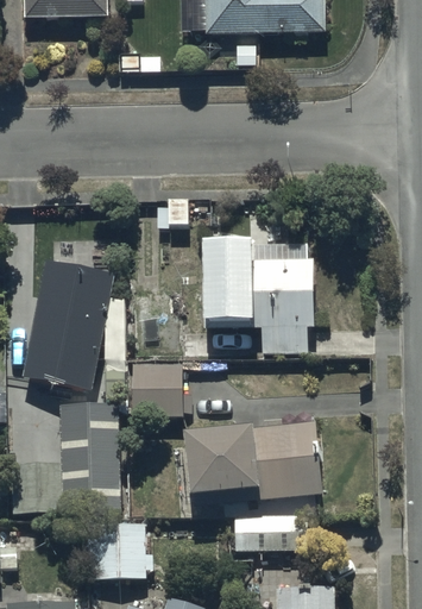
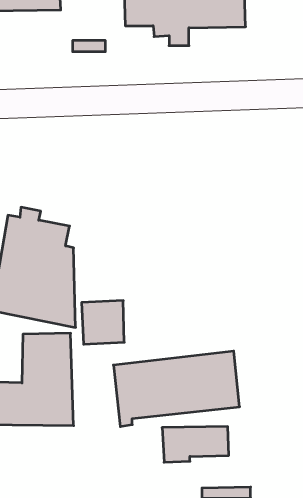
building: [202,237,316,350] -> none
building: [95,521,153,579] -> none

